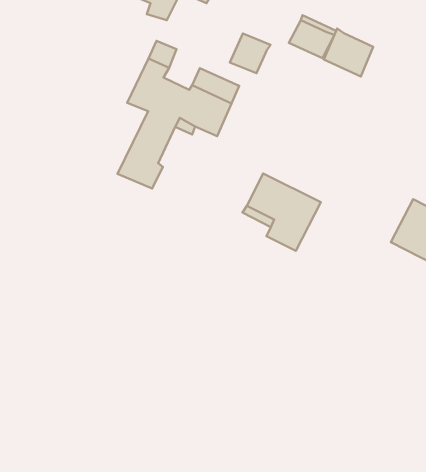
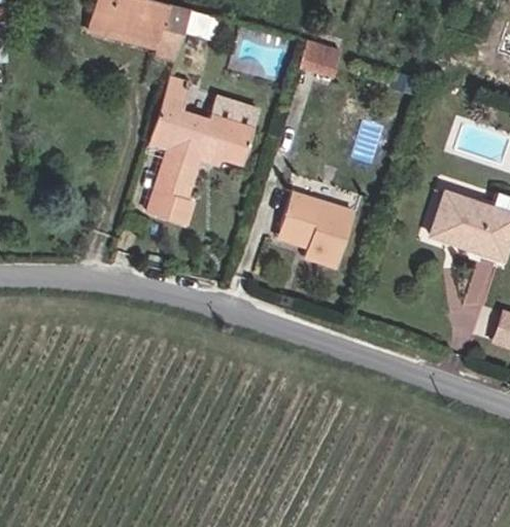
building: [324,29,373,77] -> none
building: [230,33,271,73] -> none

